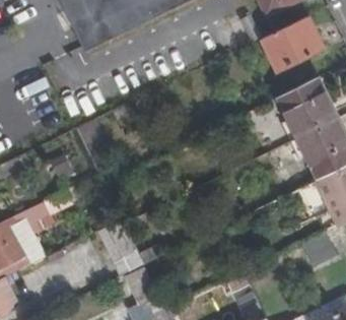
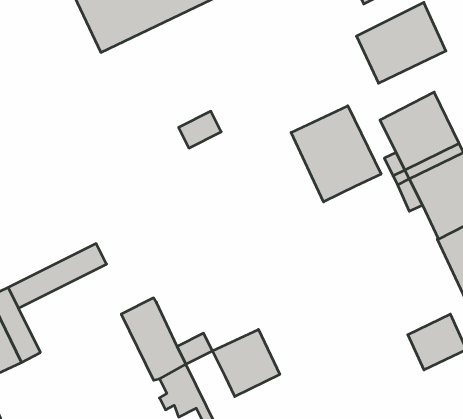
building: none -> [291,106,381,202]
building: none -> [212,329,280,397]

